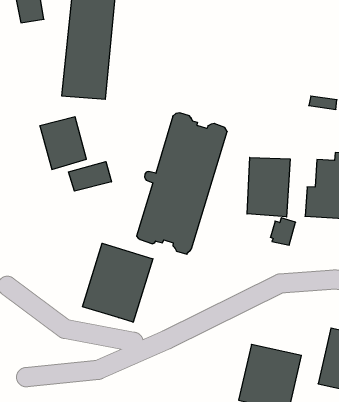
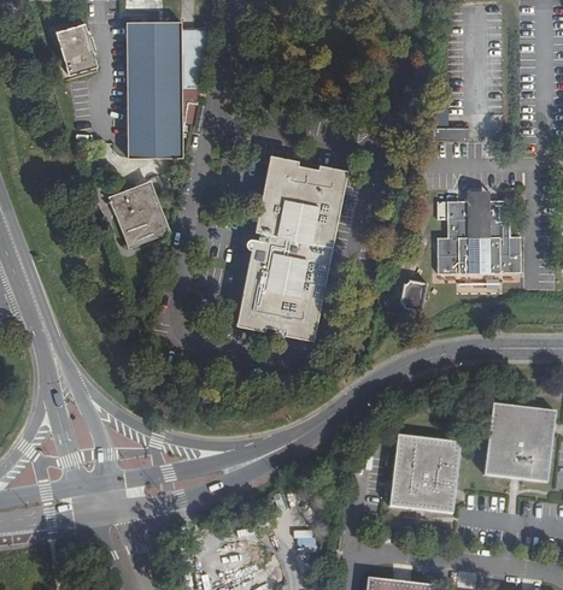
building: [247,157,290,217] -> none
building: [69,162,111,191] -> none
building: [82,243,153,322] -> none

